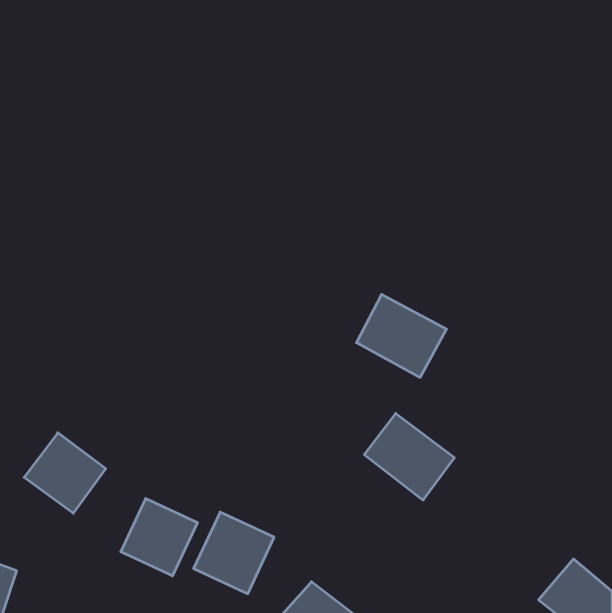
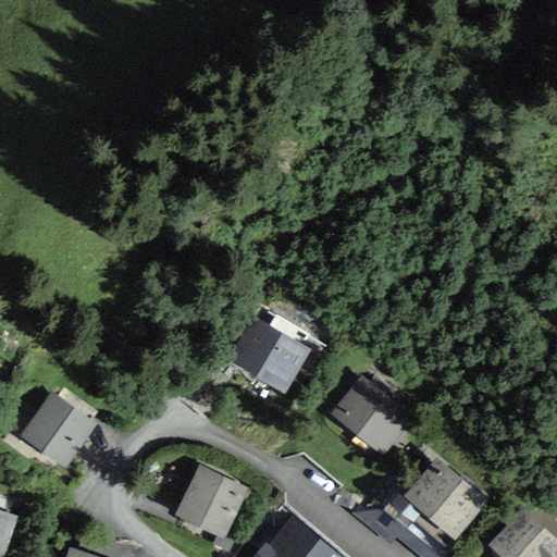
building: [356,294,447,377] -> [227,318,309,393]
building: [121,498,197,576] -> none
building: none -> [404,458,487,540]

